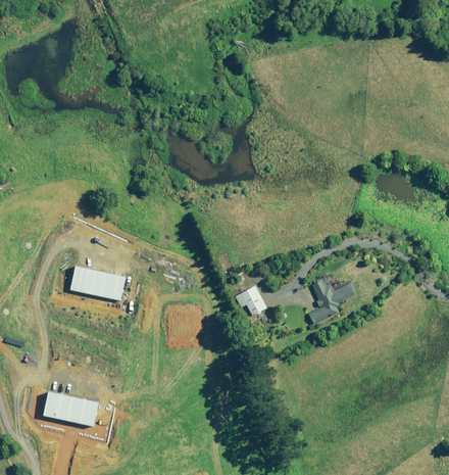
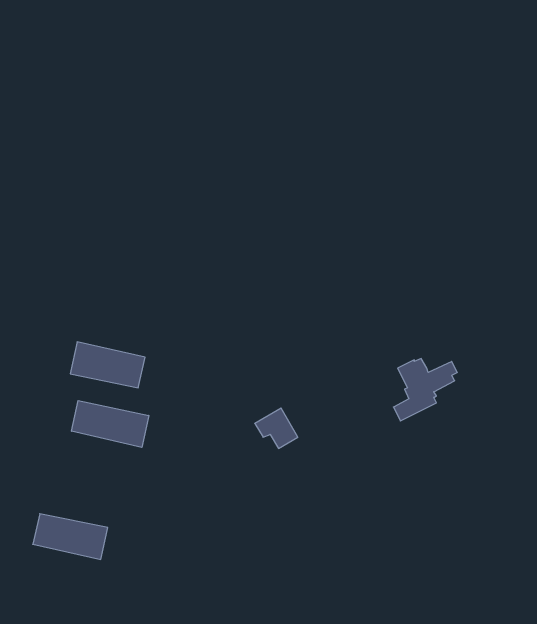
building: [235,285,266,315] -> [255,408,298,448]
building: none -> [72,401,149,447]

